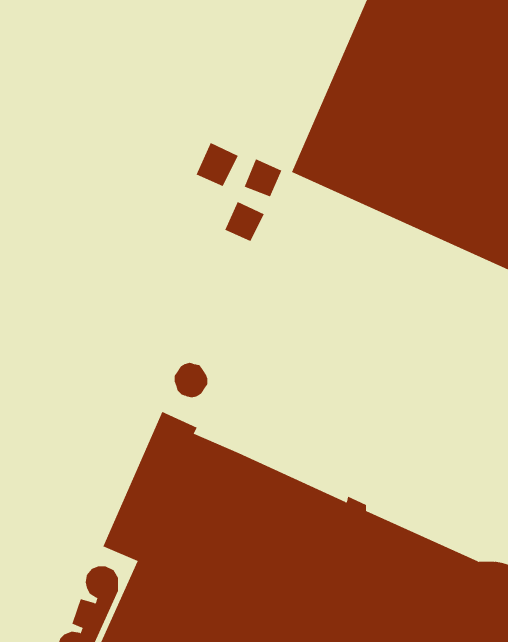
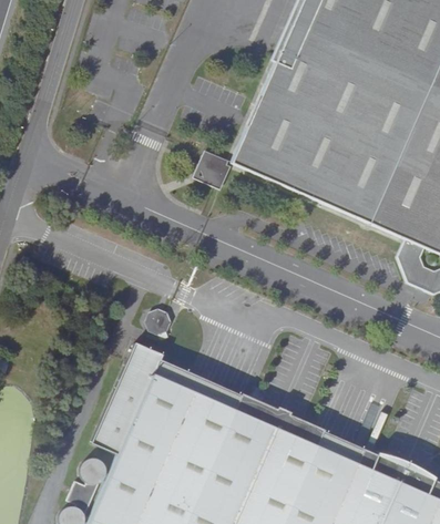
building: [196,142,238,187] -> none
building: [224,201,264,242] -> none

